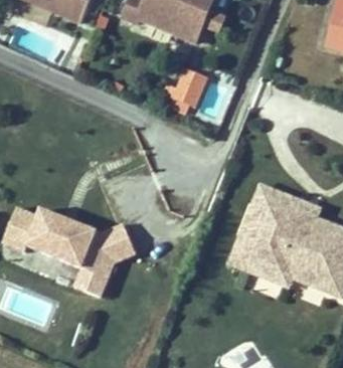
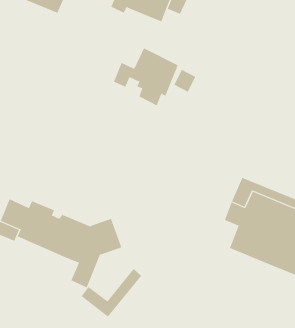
building: [231,232,294,290] -> none
building: none -> [81,268,142,318]

